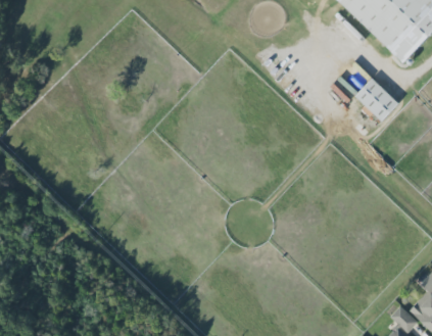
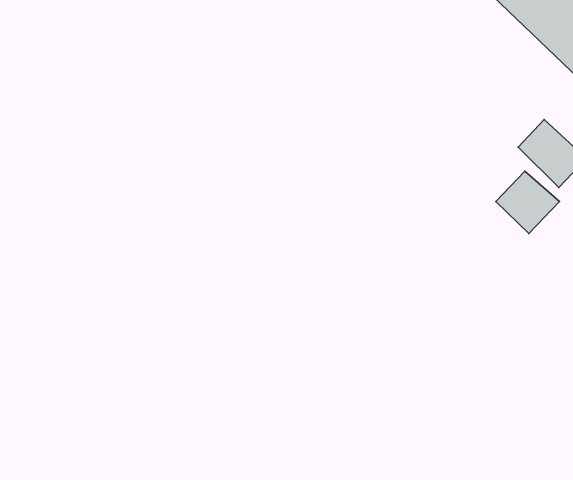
building: none -> [496,171,559,234]

